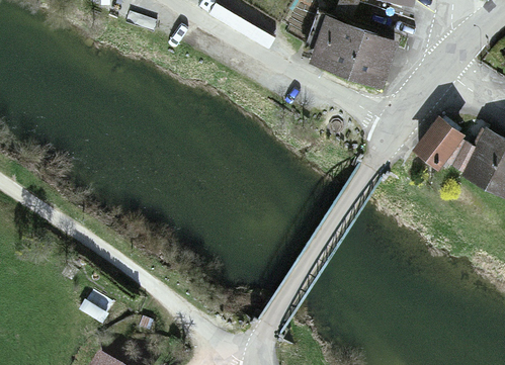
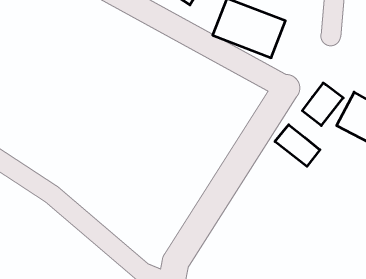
building: none -> [275,125,320,166]

